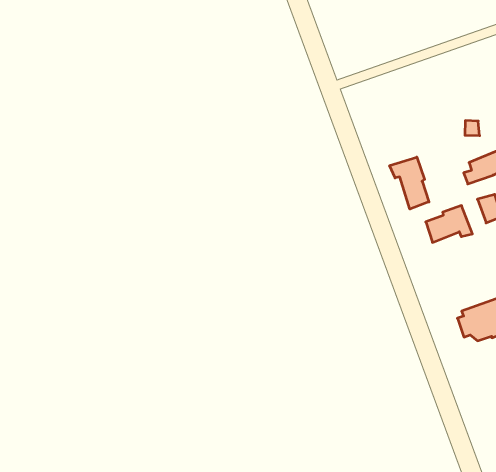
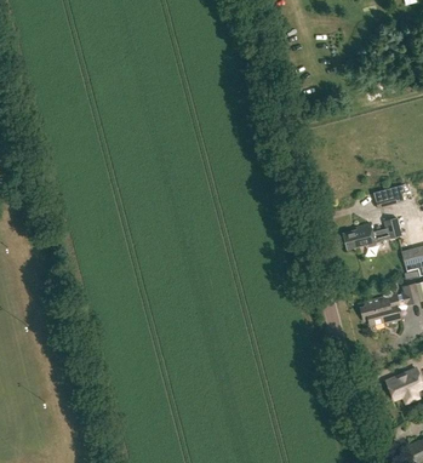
building: [390,157,429,209] -> none

